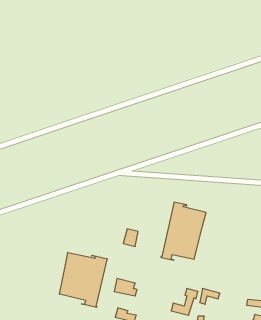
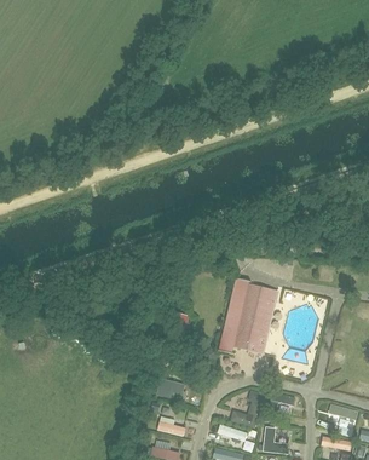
building: [60,252,107,307] -> none

